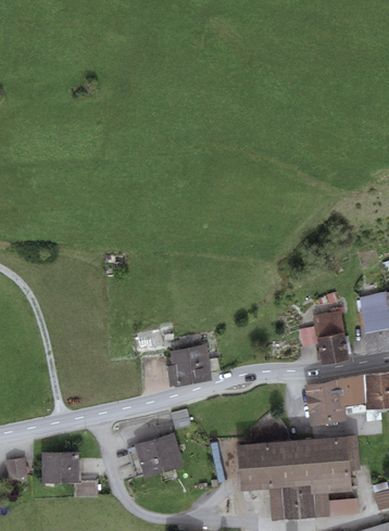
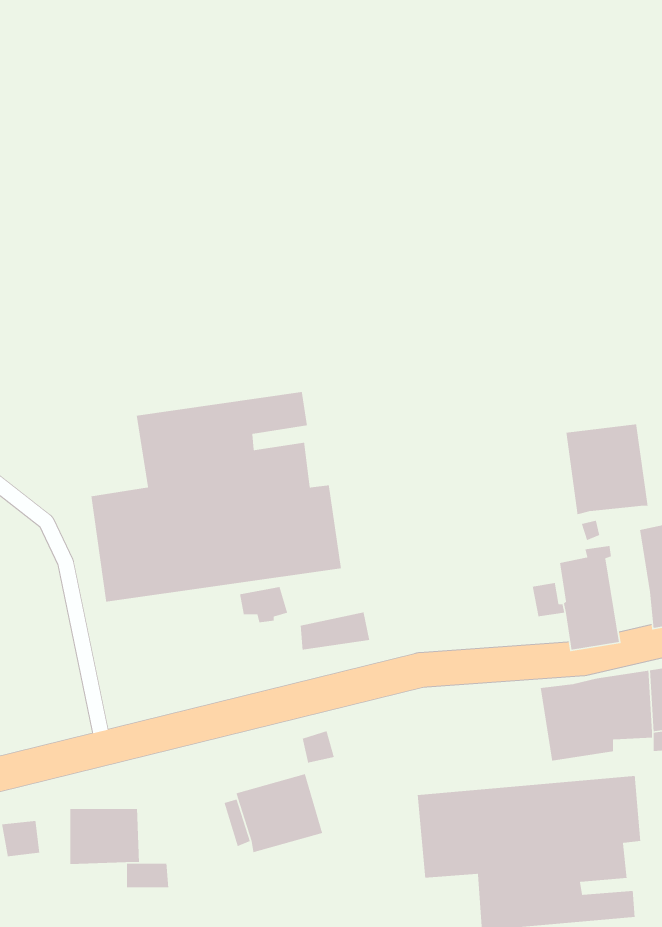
building: none -> [90,391,342,603]
building: none -> [565,423,648,515]
building: [167,359,212,388] -> none

